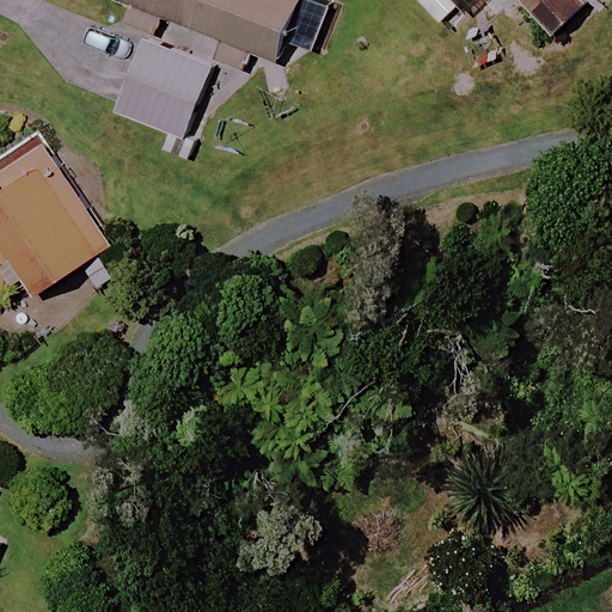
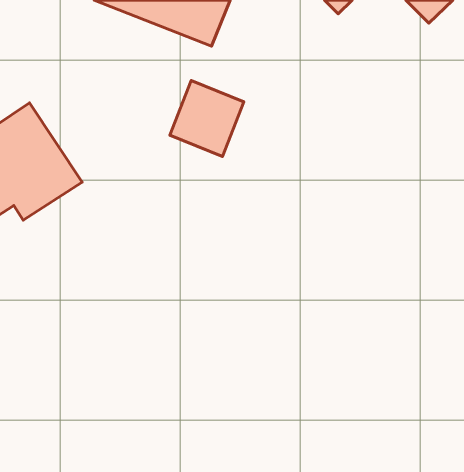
building: [114,36,209,134] -> [170,81,244,156]

